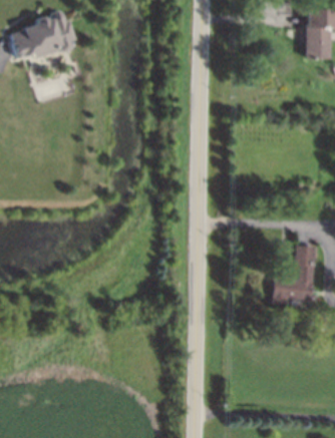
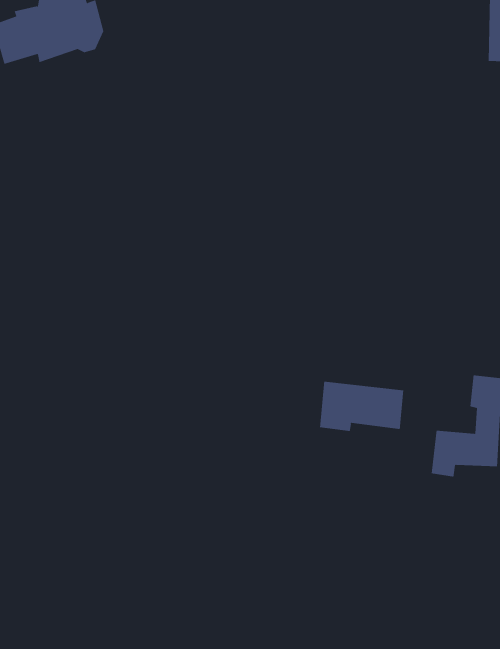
building: none -> [319,381,404,432]

